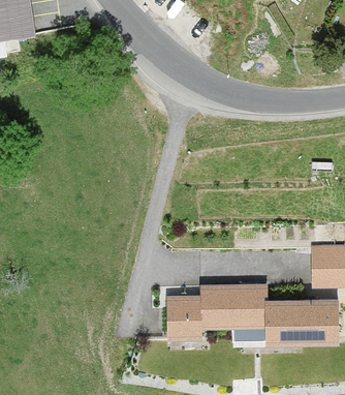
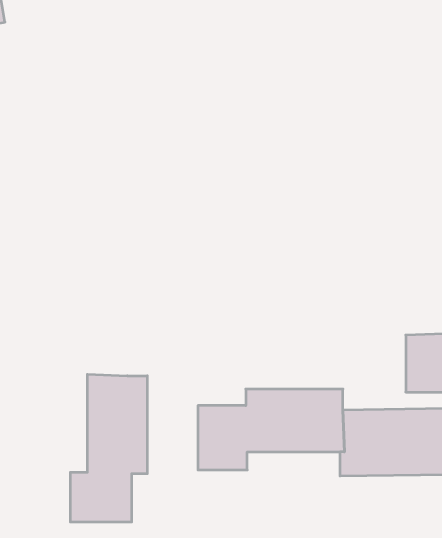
building: none -> [70,374,147,522]

